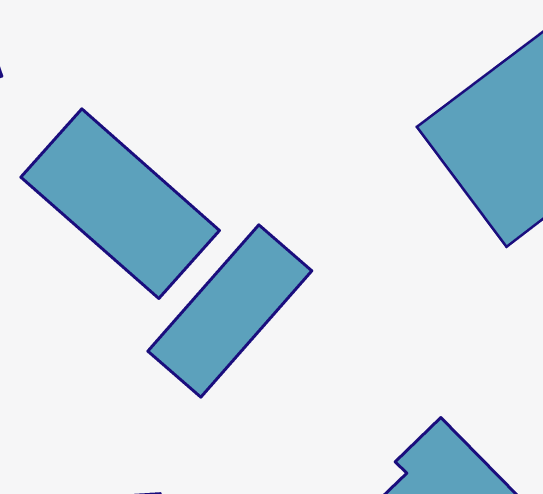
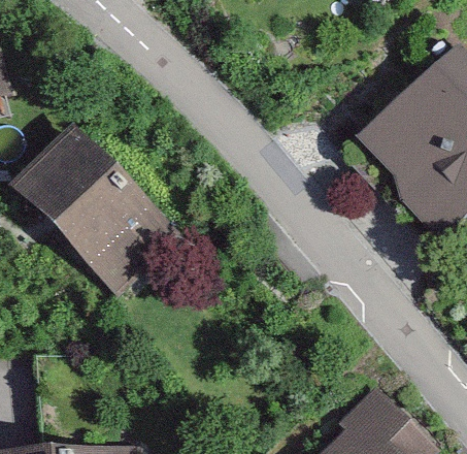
building: [148,225,312,397] -> none

